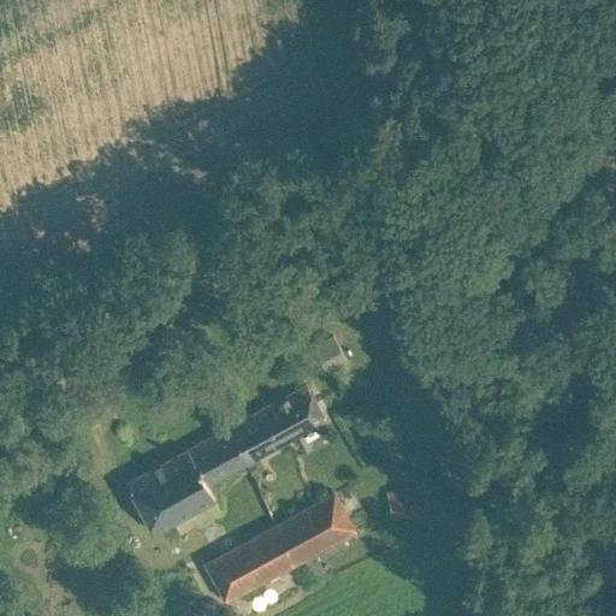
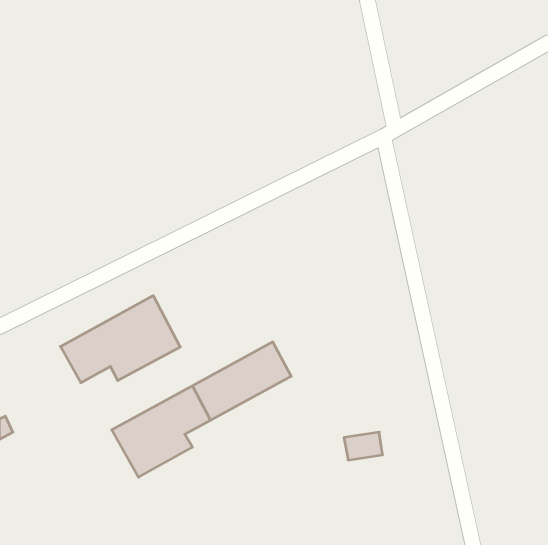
building: none -> [60,296,180,383]
building: [203,493,355,605] -> none

